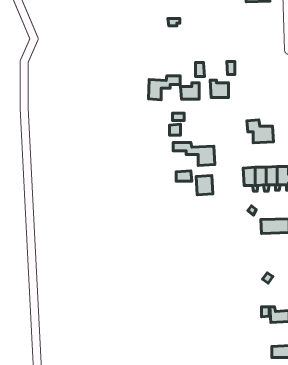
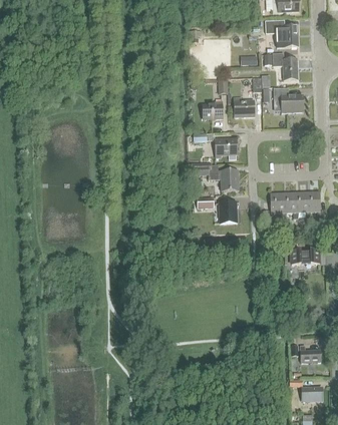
building: none -> [265,20,298,47]
building: none -> [272,52,298,80]
building: [148,76,180,100] -> none
building: none -> [215,138,237,157]
building: [247,120,273,143] -> [274,87,303,112]

